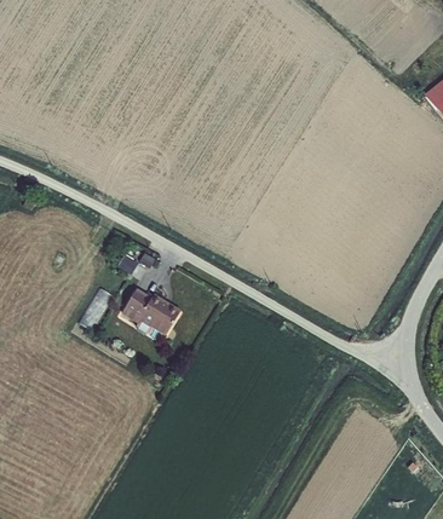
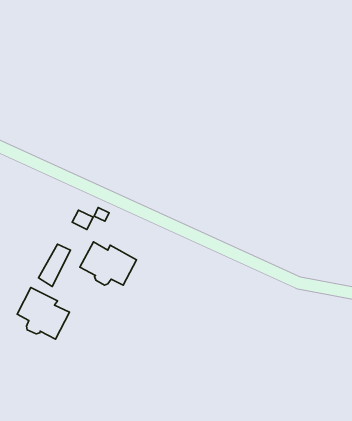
building: none -> [17,287,69,339]

